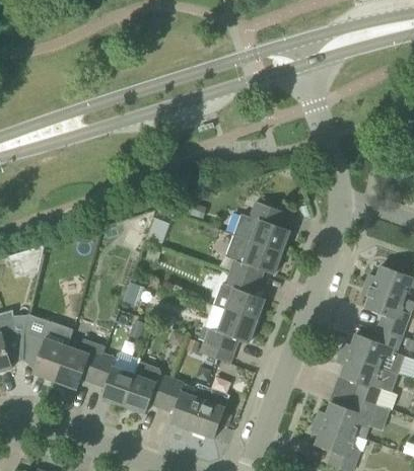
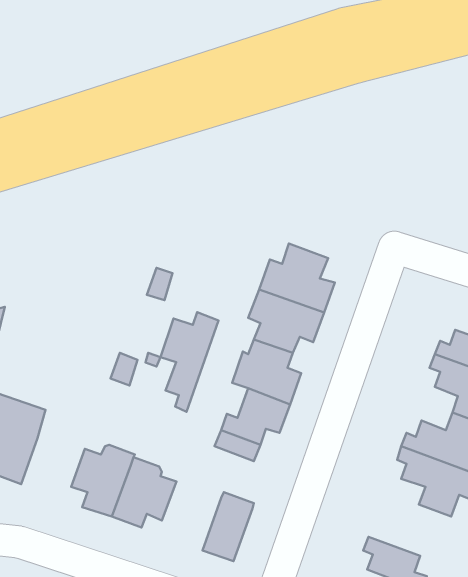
building: none -> [160,312,218,412]
building: [55,339,106,390] -> none
building: [160,380,207,431] -> none
building: [316,397,377,440] -> none

